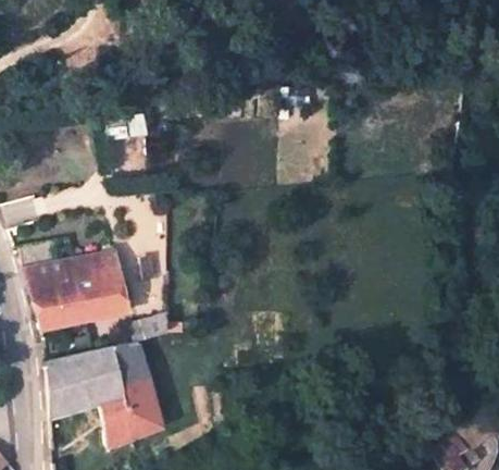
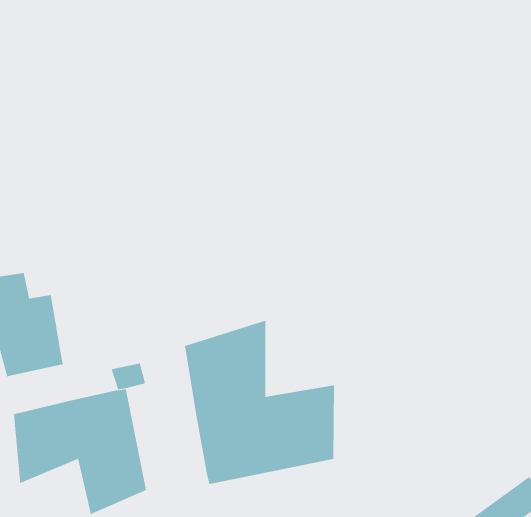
building: [79,253,128,320] -> none
building: none -> [185,320,334,485]

